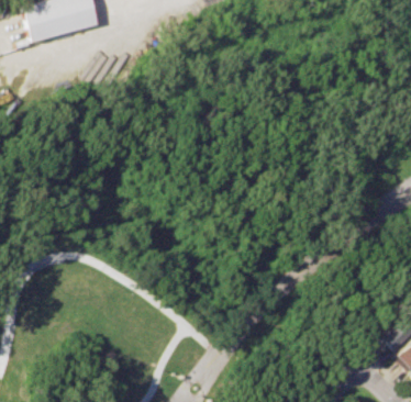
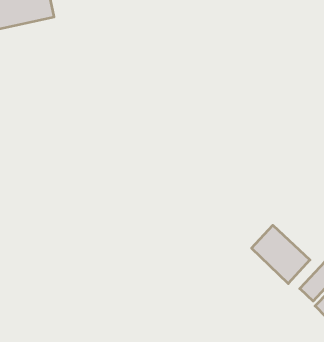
building: none -> [252,225,310,284]

